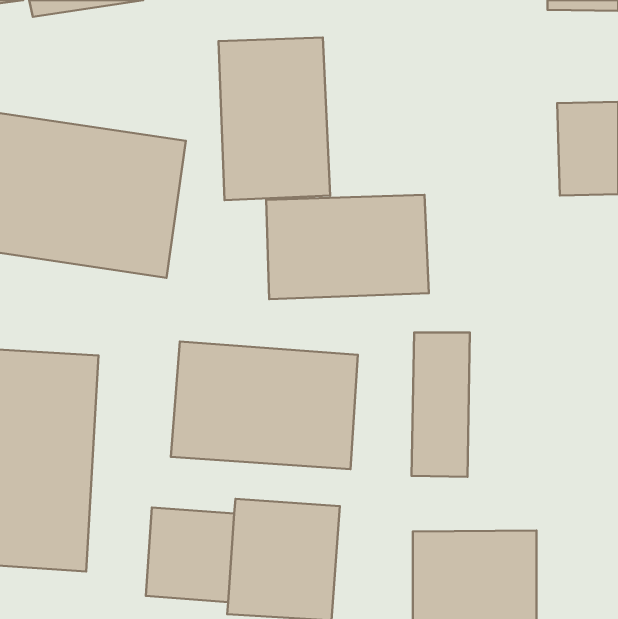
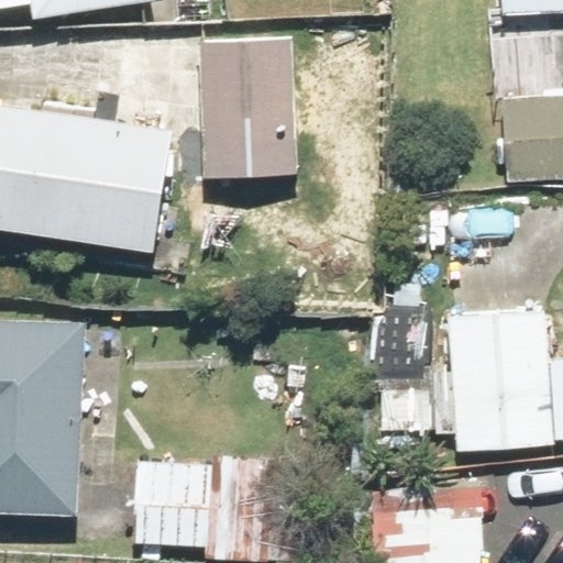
building: [266,195,429,299] -> none
building: [171,341,358,469] -> none
building: none -> [445,312,554,453]

